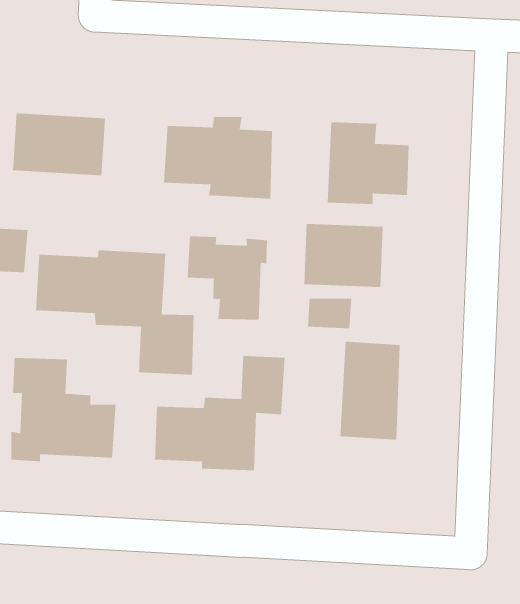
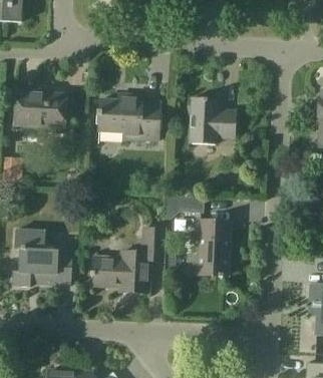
building: [304,223,383,288] -> none
building: [187,236,268,321] -> none
building: [35,249,194,376] -> none

